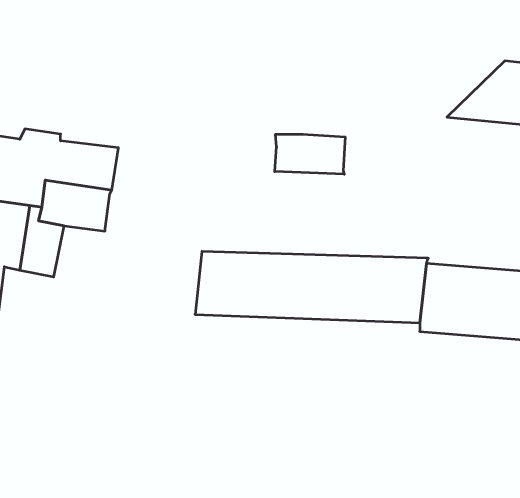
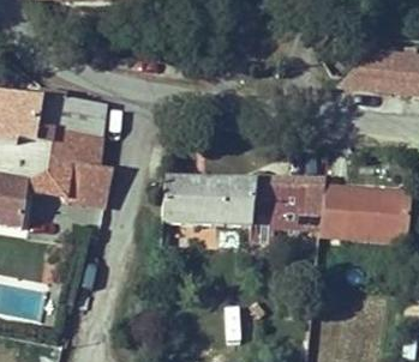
building: [275,134,345,174] -> none
building: none -> [61,161,112,205]

